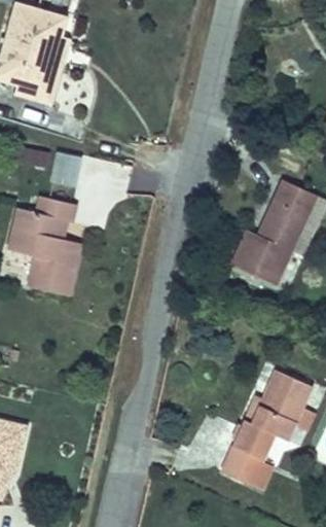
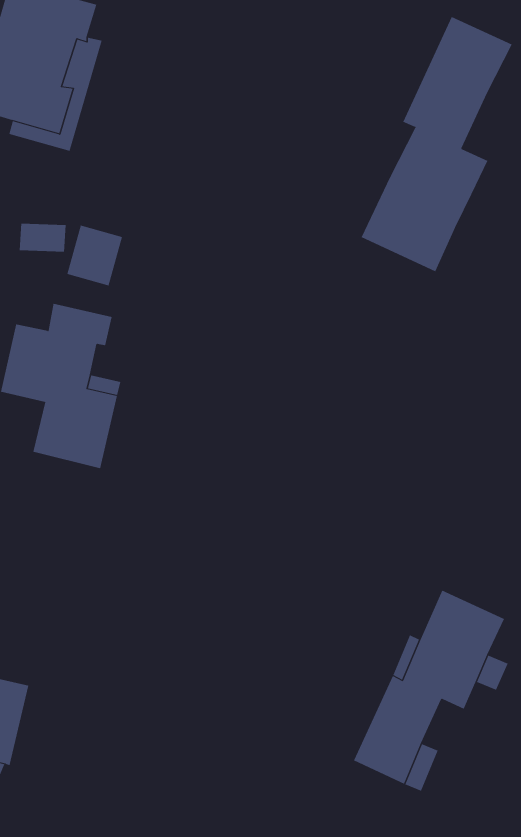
building: none -> [361,16,513,272]
building: [231,179,317,285] -> none

